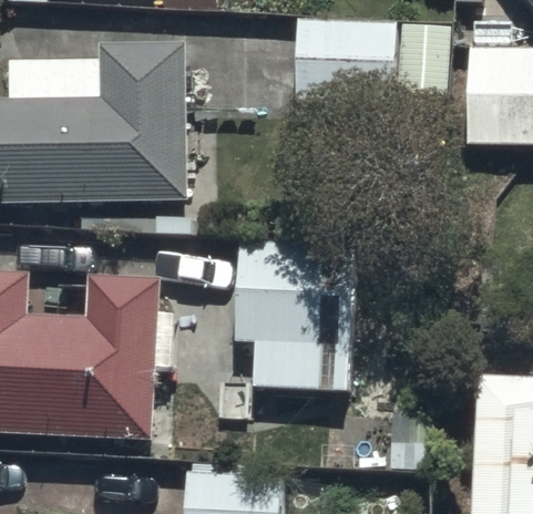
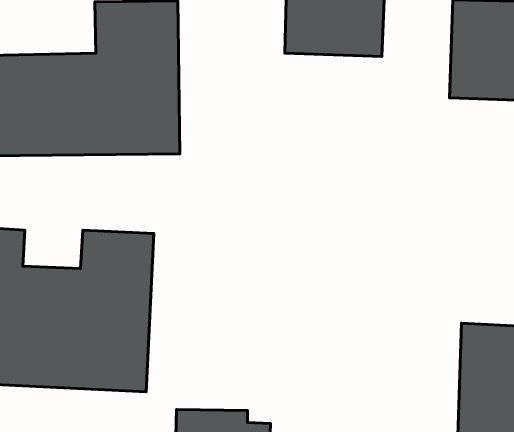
building: [236,241,353,390] -> none

